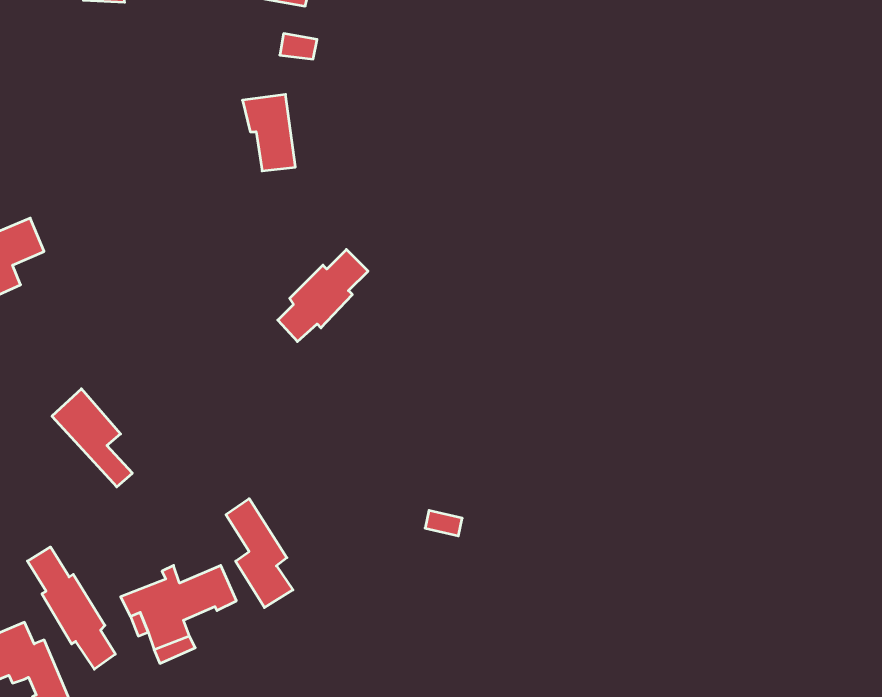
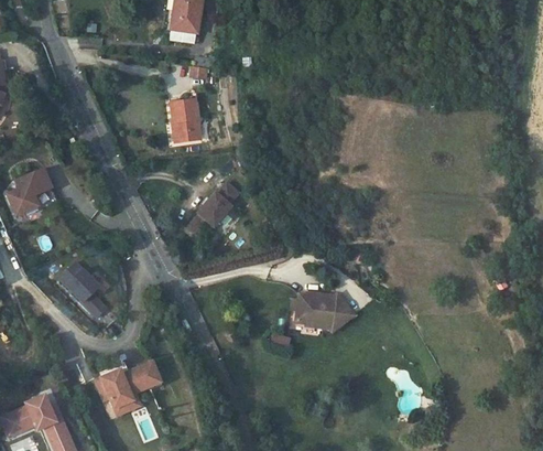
building: none -> [294,297,349,337]
building: [226,499,293,608] -> none
building: [27,547,115,669] -> none

